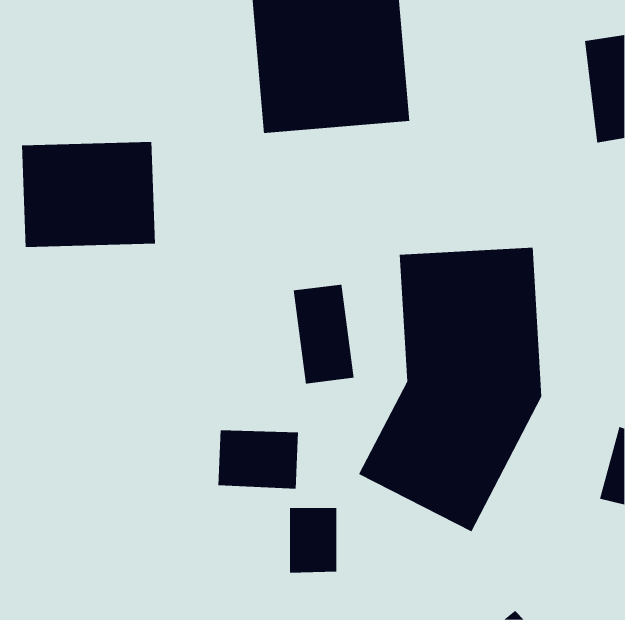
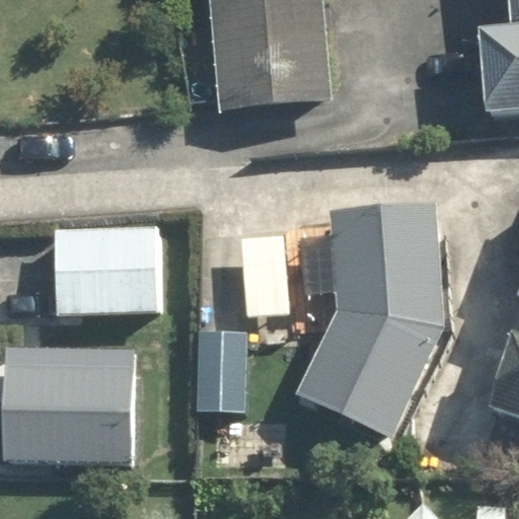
building: [21,141,156,248] -> [52,226,162,313]
building: none -> [4,346,134,463]

